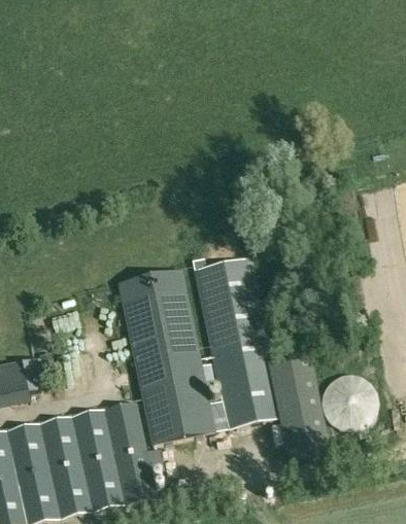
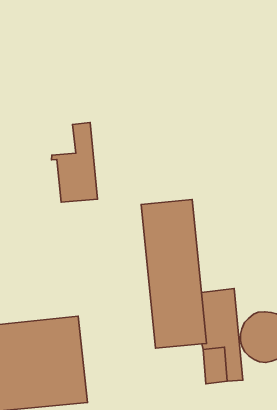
building: none -> [52,122,98,202]
building: [120,270,215,444] -> none

